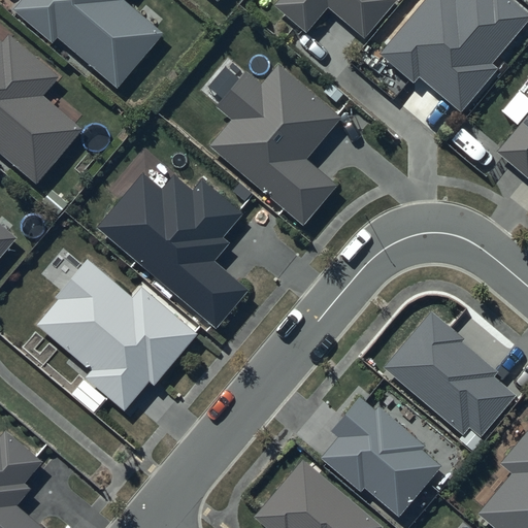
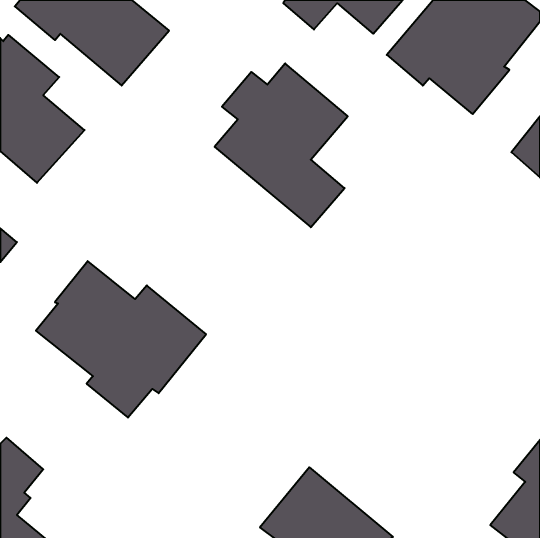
building: [96,173,245,329] -> none
building: [383,311,516,439] -> none
building: [321,396,440,515] -> none

